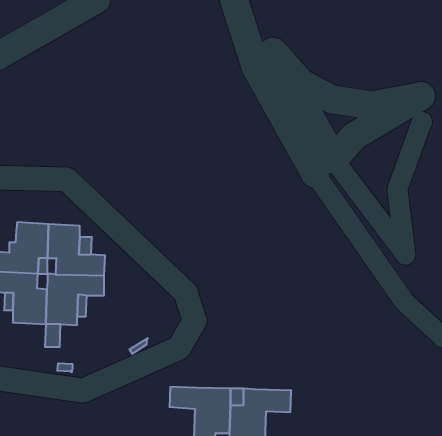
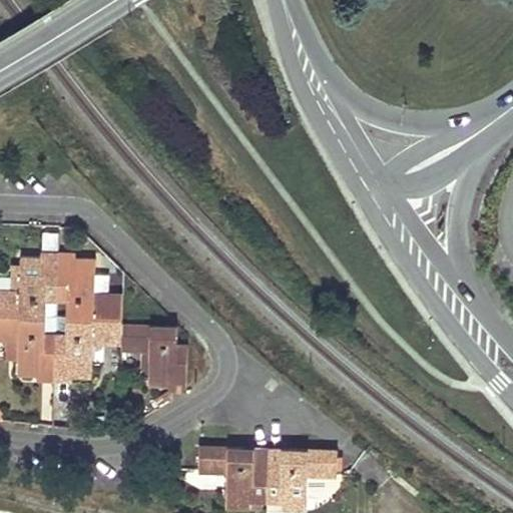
building: none -> [120,326,186,386]

